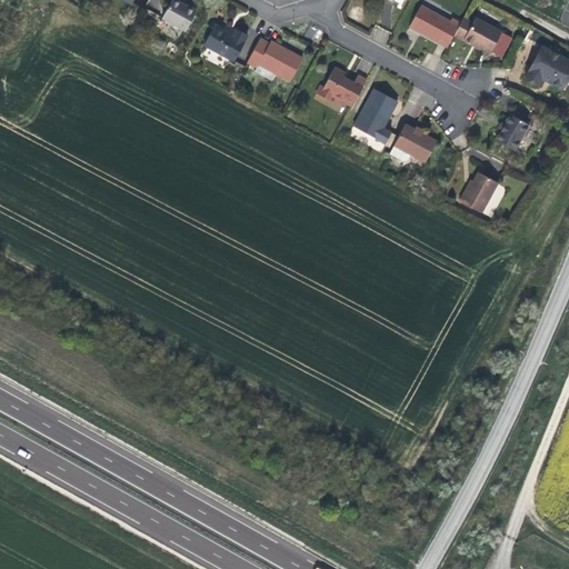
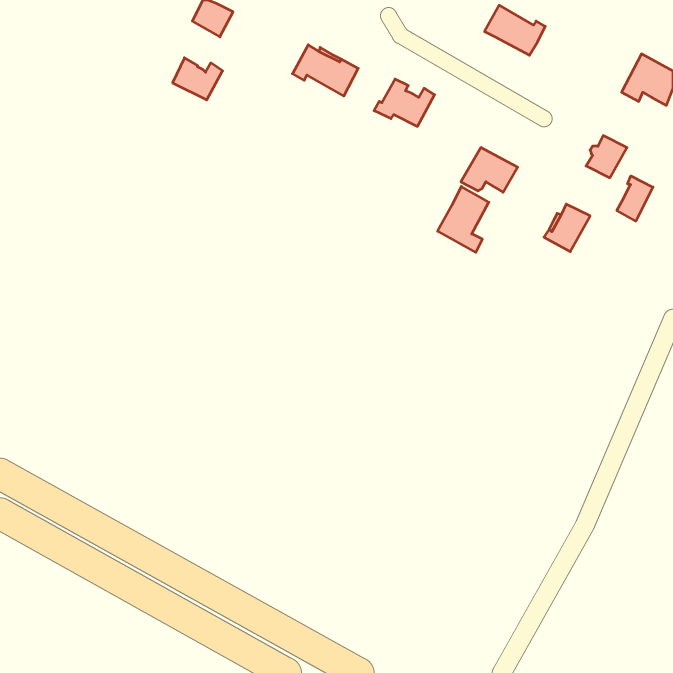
building: [453,17,501,54] -> none
building: [204,24,247,60] -> [173,58,223,100]
building: [353,88,397,143] -> [438,186,489,252]
building: none -> [617,176,653,221]

